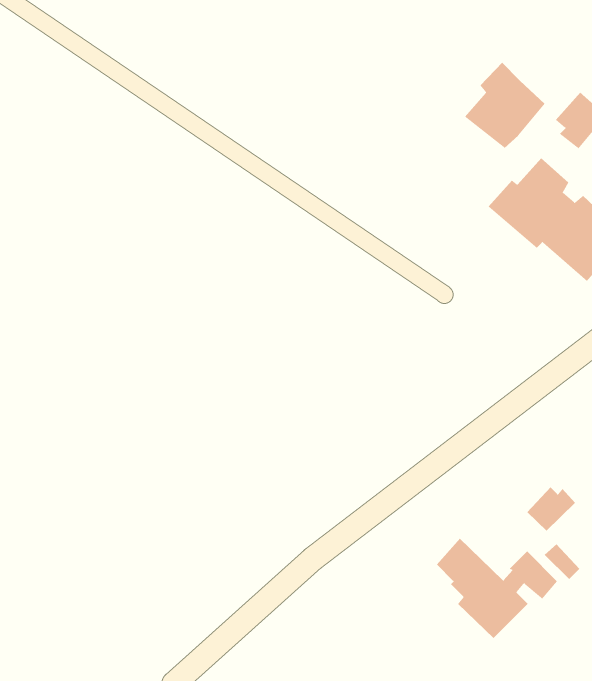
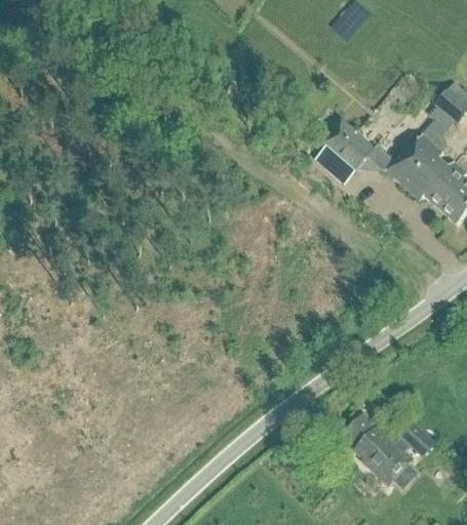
building: [464,62,545,149] -> [315,119,375,183]
building: [526,487,576,531] -> none

